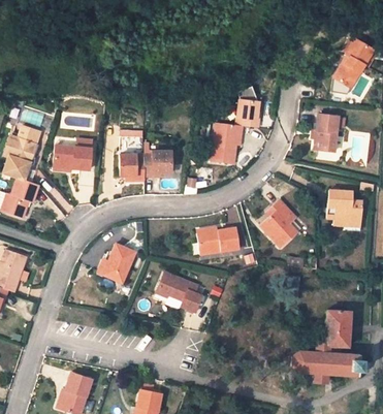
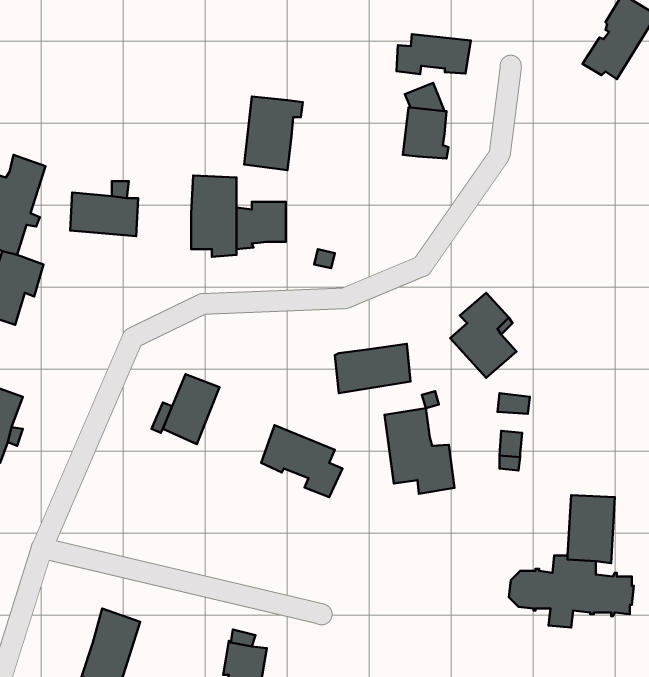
building: none -> [396,34,471,74]
building: [314,114,338,152] -> none
building: [211,123,243,163] -> [244,96,303,170]
building: [326,190,362,225] -> none
building: none -> [384,408,454,494]

